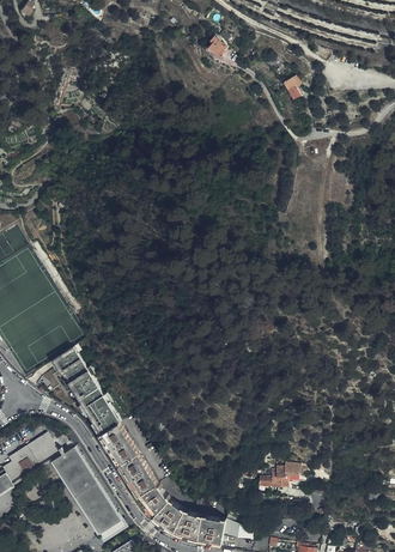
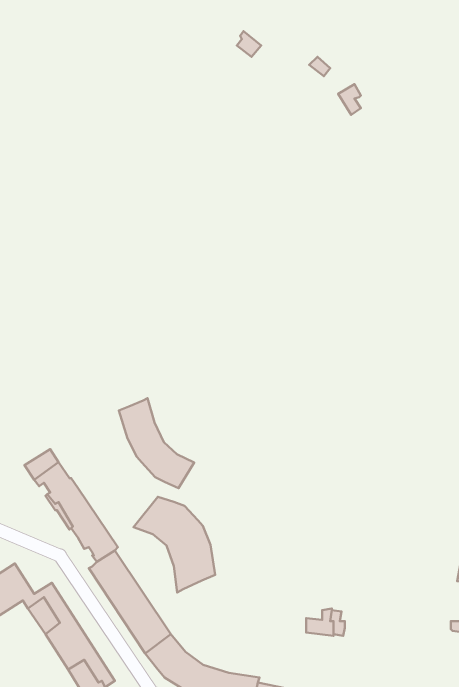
building: none -> [119,398,194,488]
building: none -> [133,497,215,592]

